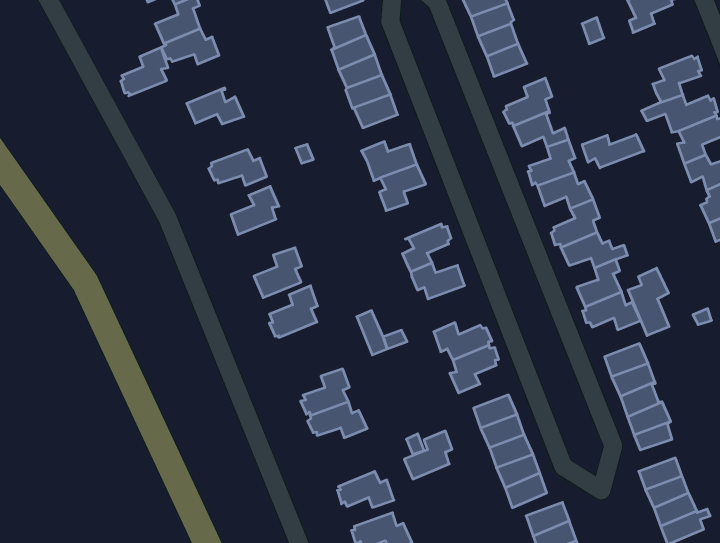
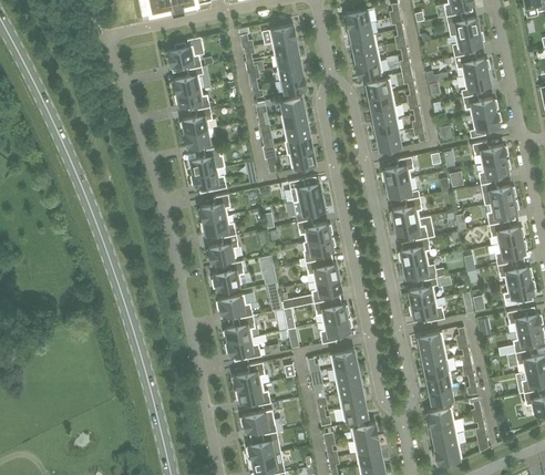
building: none -> [472,141,507,164]
building: [121,48,168,96] -> [181,106,212,133]
building: none -> [191,147,220,173]
building: [582,134,644,168] -> none
building: none -> [297,219,332,241]
building: none -> [200,215,236,237]
building: [628,268,669,336] -> none
building: none -> [311,277,341,302]
building: none -> [216,295,253,318]
building: [404,431,452,479] -> [234,362,265,389]

